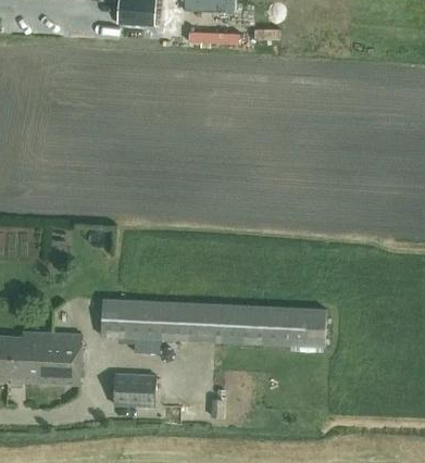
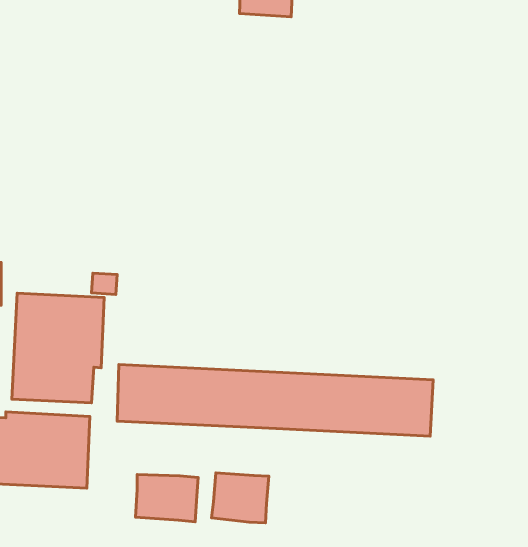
building: none -> [12,293,104,403]
building: none -> [211,473,269,523]

